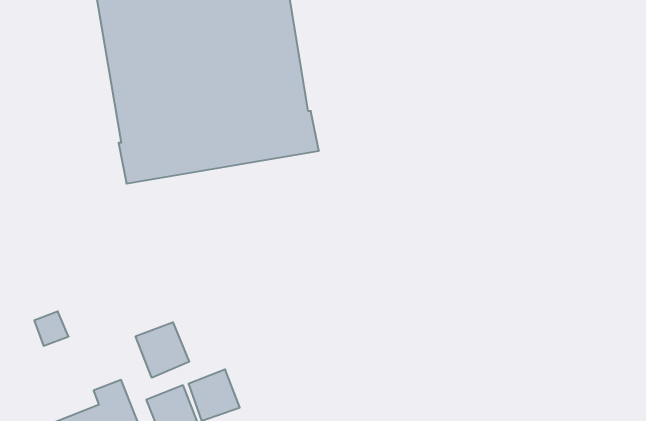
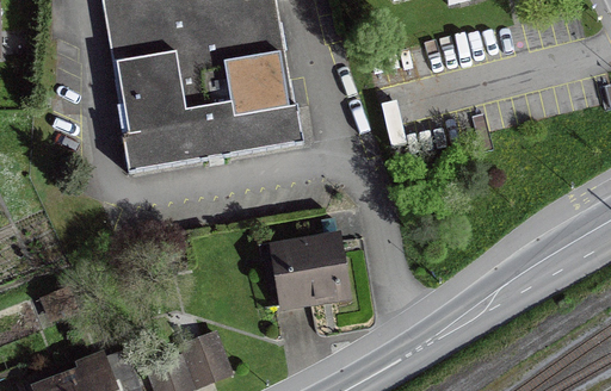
building: none -> [278,235,341,302]
building: [136,322,189,378] -> none

